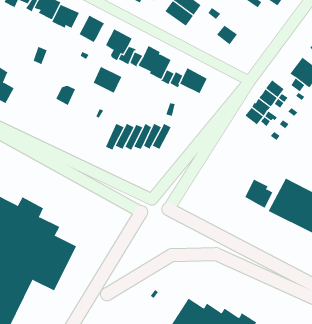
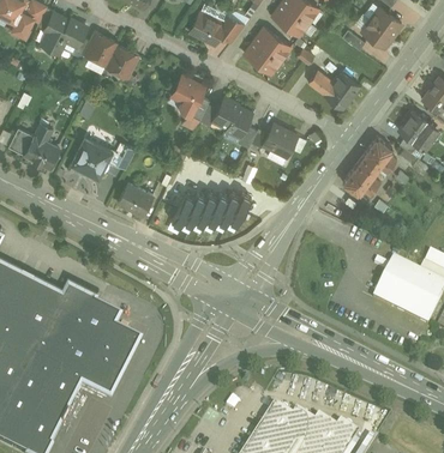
building: [79,15,105,43] -> none
building: none -> [323,73,358,109]
building: [93,66,122,94] -> [116,182,152,216]
building: none -> [71,139,109,176]
building: [244,179,273,208] -> none

